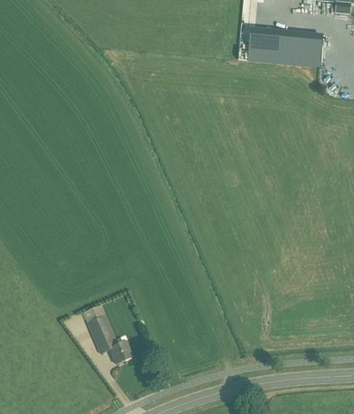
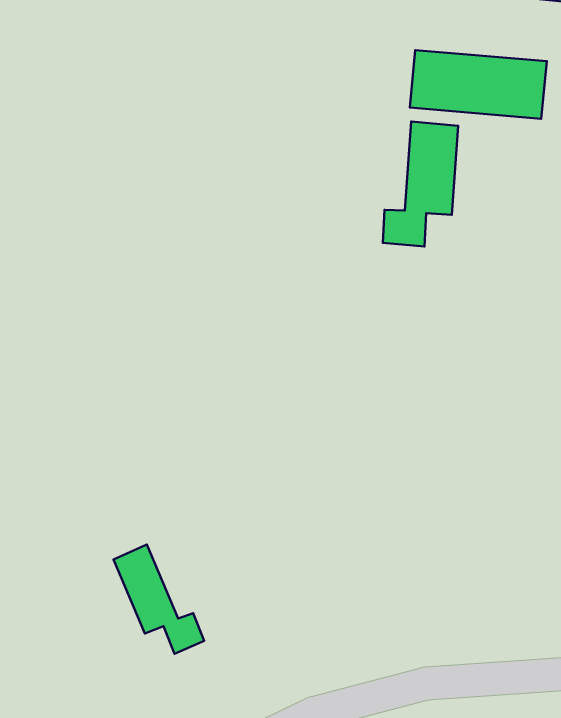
building: none -> [383,122,458,246]

